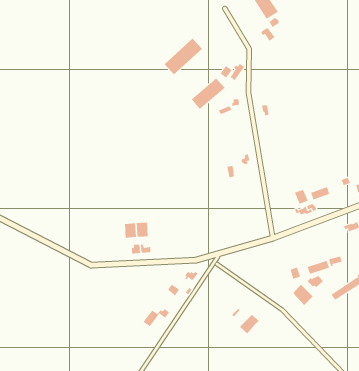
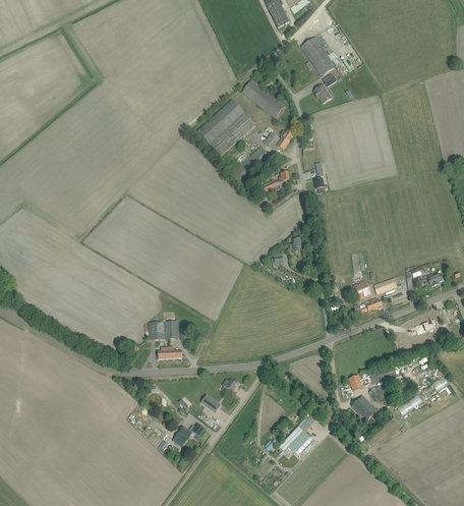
building: none -> [241,78,285,117]
building: none -> [210,112,255,155]

